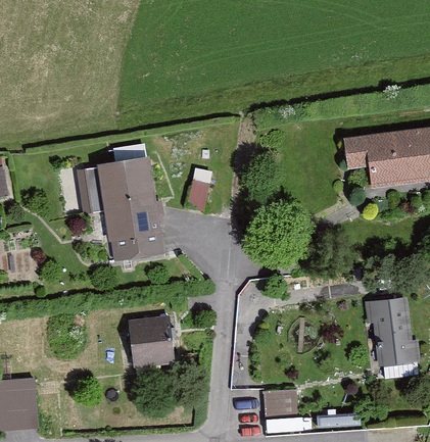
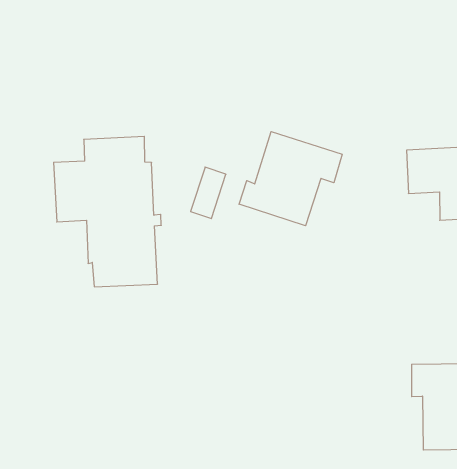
building: none -> [239,132,342,226]
building: [129,315,176,367] -> none

